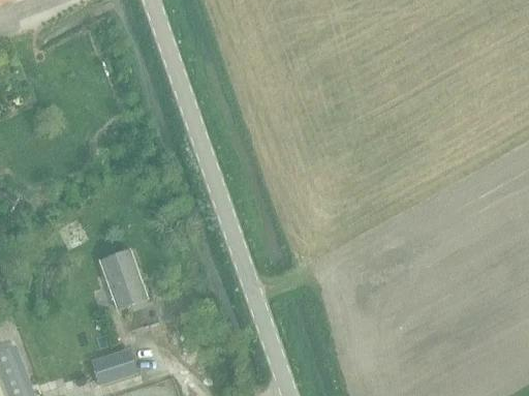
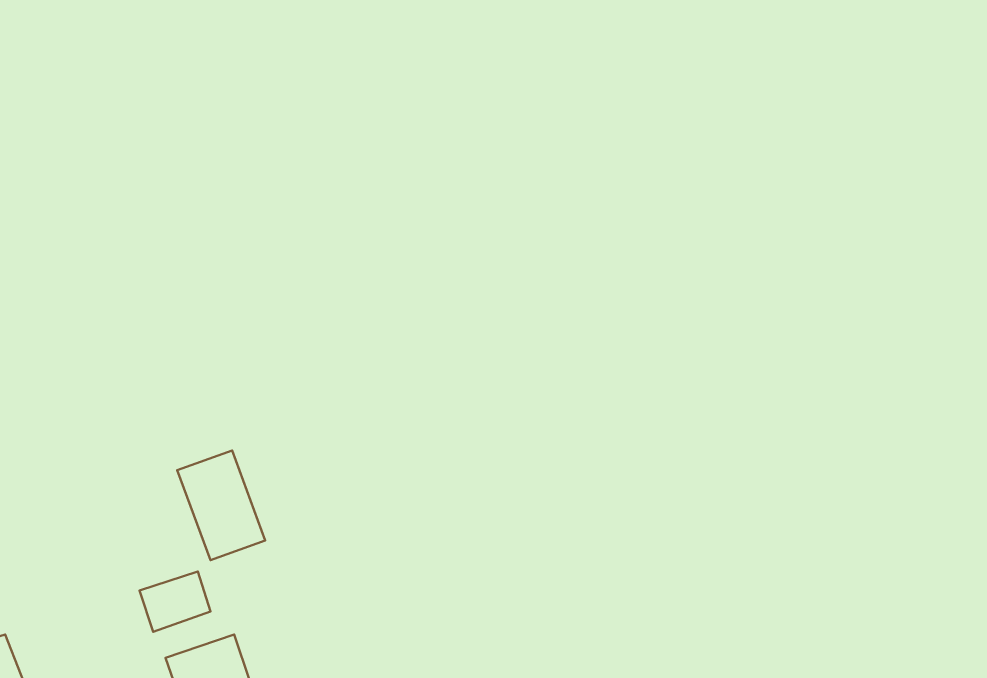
building: none -> [140,572,210,632]

